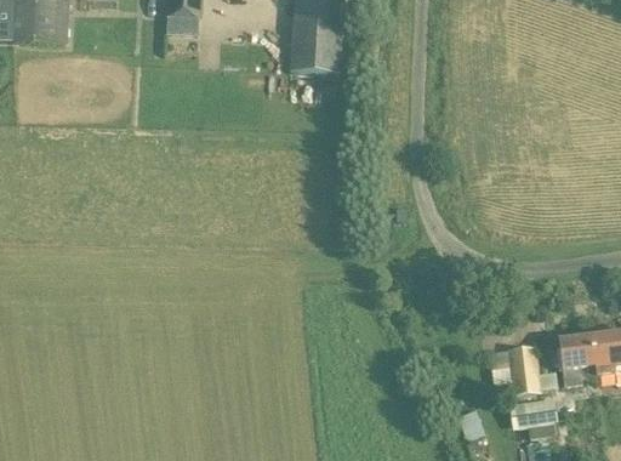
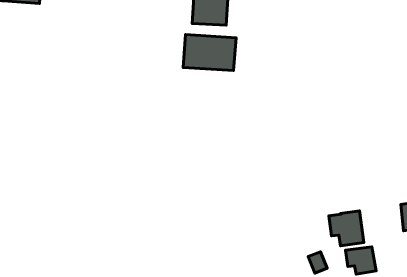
building: none -> [183,35,236,71]
building: [558,336,599,386] -> none

